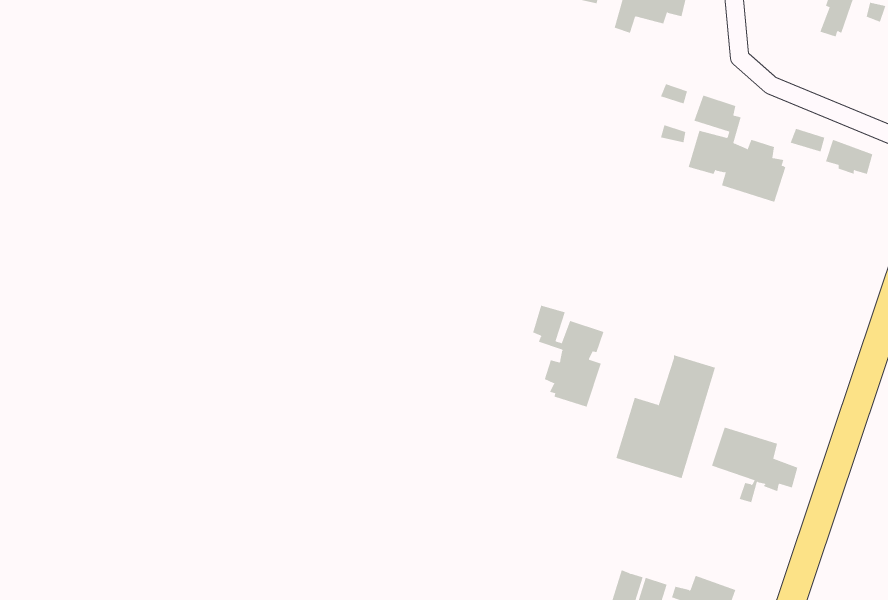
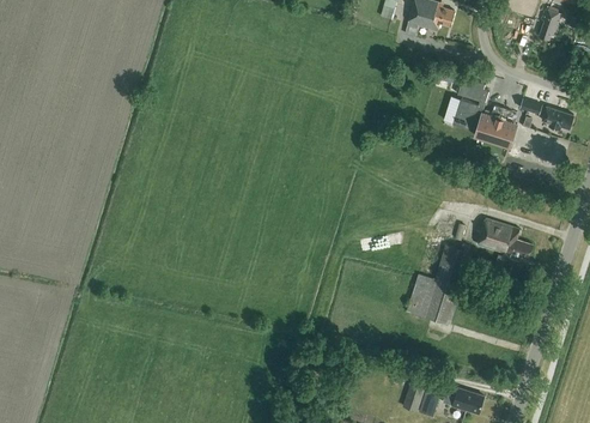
building: [532,305,604,408] -> none
building: [711,427,798,503] -> [475,218,531,267]

